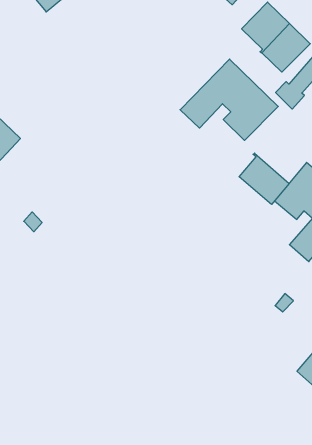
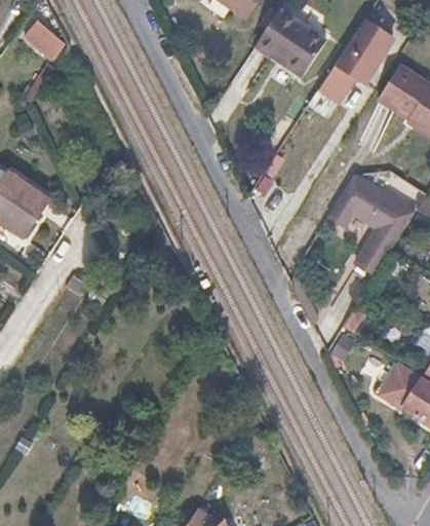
building: [180,59,278,140] -> none
building: [239,153,289,204] -> none

